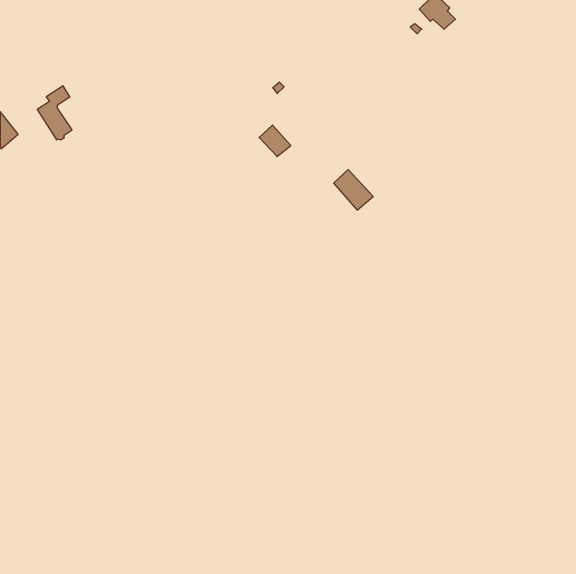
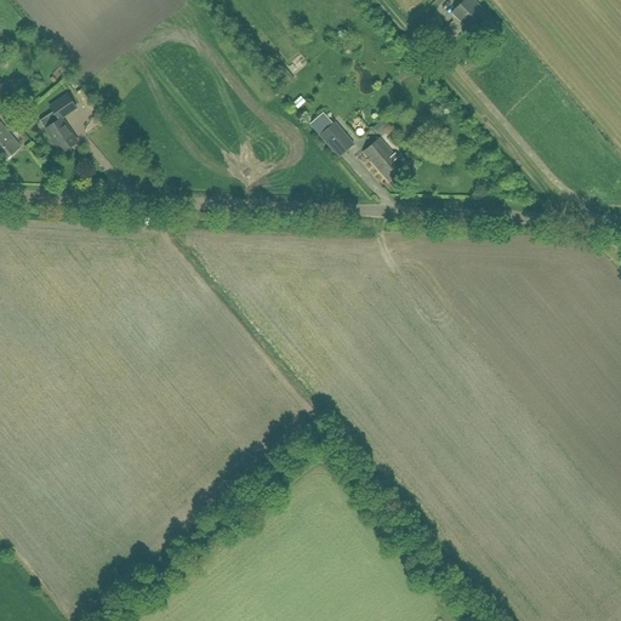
building: [259,125,291,157] -> [319,120,353,154]
building: [334,170,373,210] -> [363,136,405,180]

